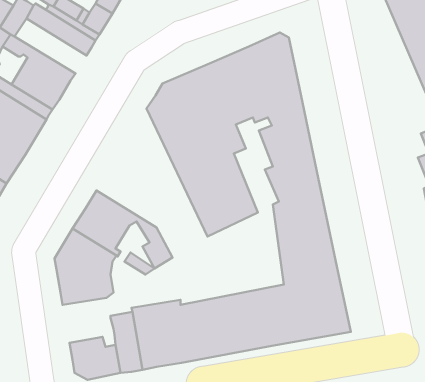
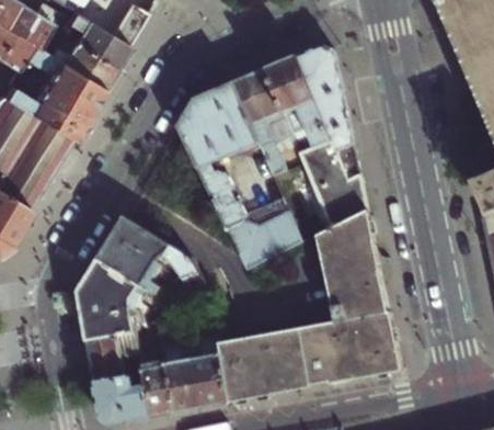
building: none -> [35,29,114,89]
building: none -> [88,335,140,384]

